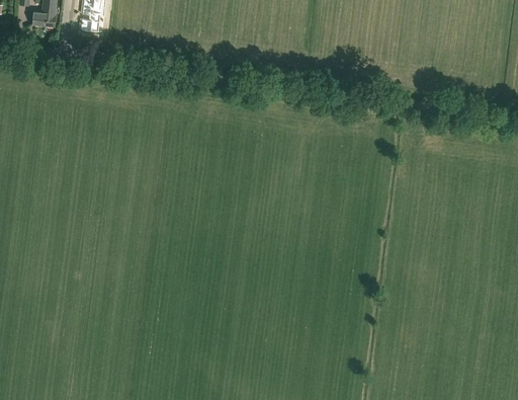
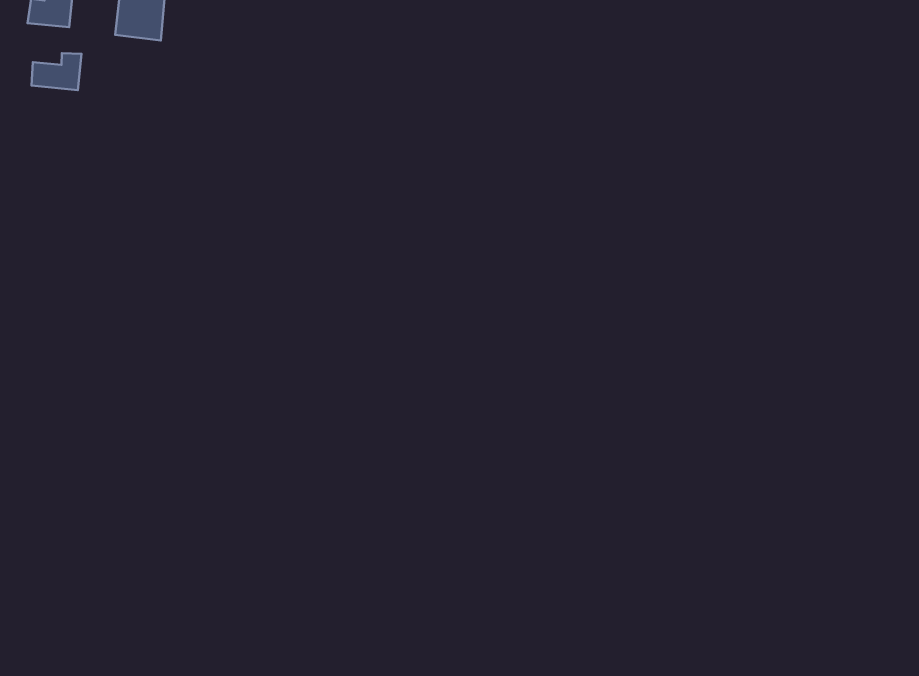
building: none -> [32,53,82,90]

